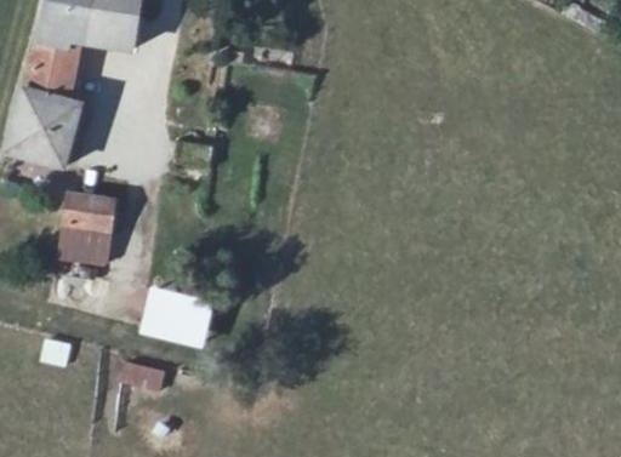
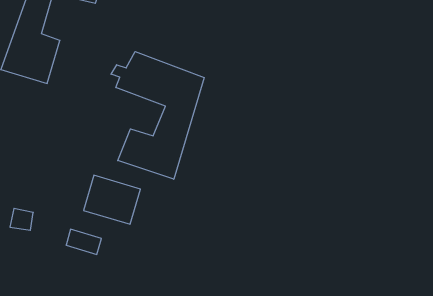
building: none -> [111,52,204,179]
building: [59,194,119,262] -> none

